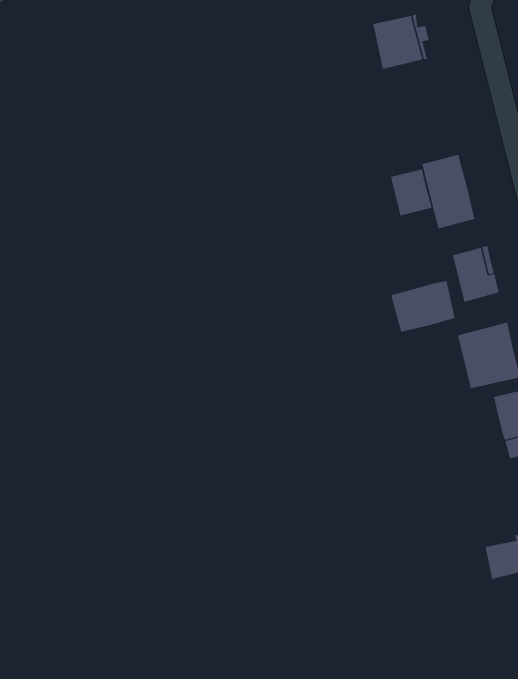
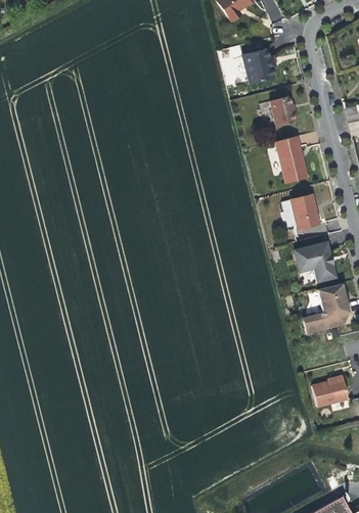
building: [390,169,432,216] -> [270,97,297,127]
building: [390,280,455,332] -> none
building: none -> [302,311,327,333]

